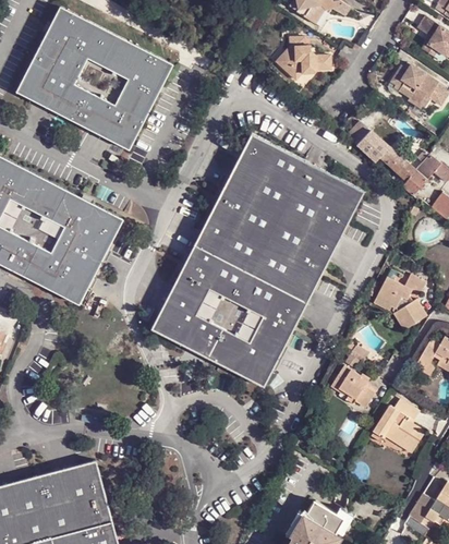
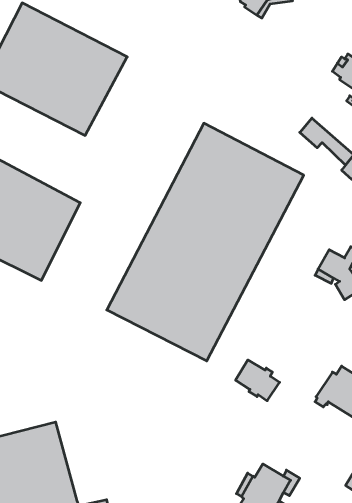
building: [280,37,330,78] -> none
building: [331,362,378,406] -> [236,360,280,401]

